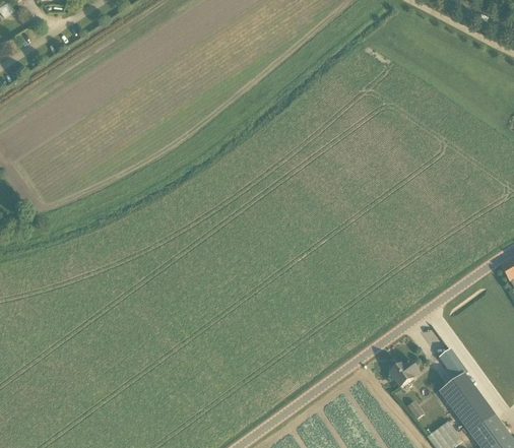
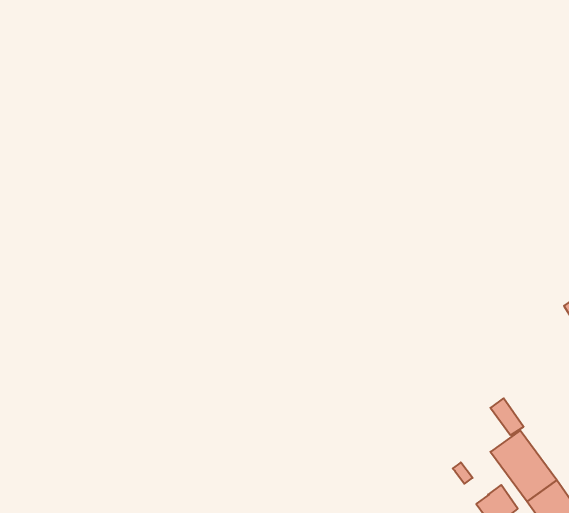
building: [389,360,421,387] -> none

